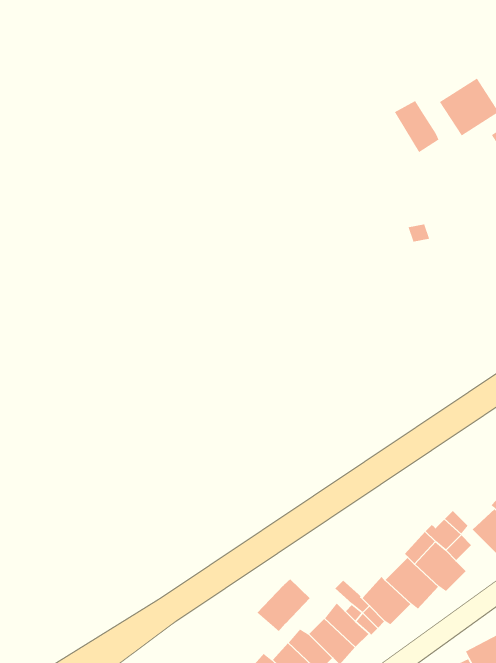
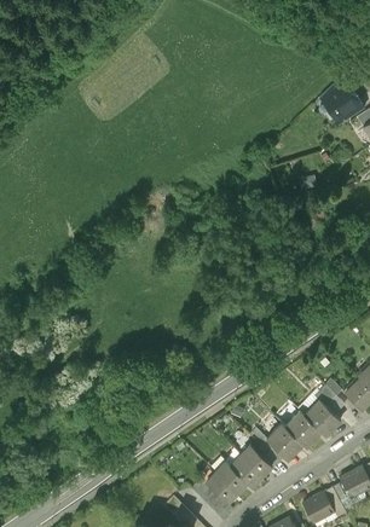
building: [394,99,439,153] -> none
building: [257,578,311,632] -> none

